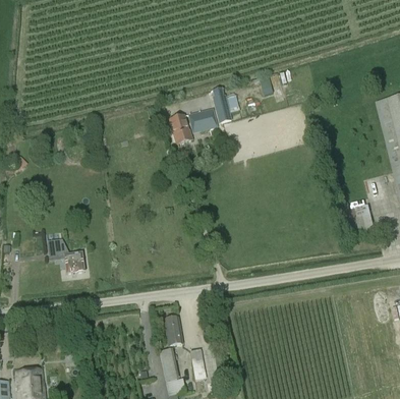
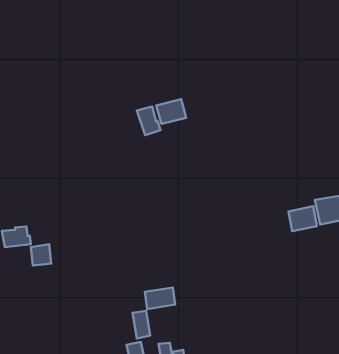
building: [212,89,238,121] -> none
building: none -> [288,206,317,231]
building: none -> [145,287,175,309]

